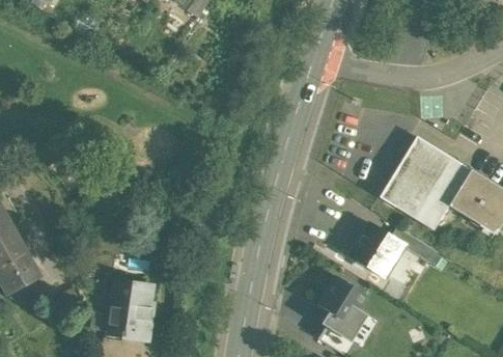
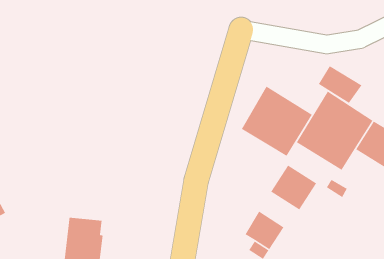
building: none -> [318,65,362,104]
building: none -> [241,85,313,157]

